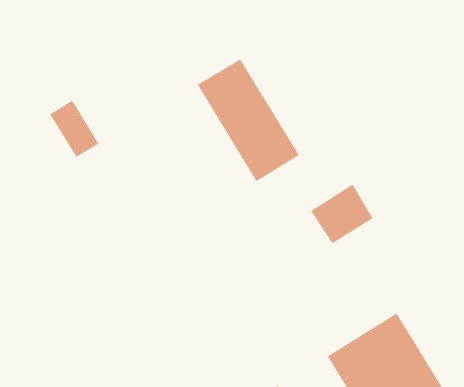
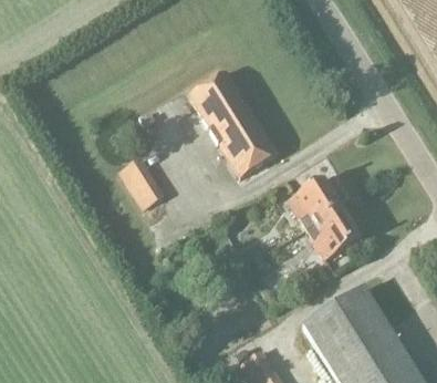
building: [49,100,100,158] -> [121,152,164,201]
building: none -> [306,203,361,256]

